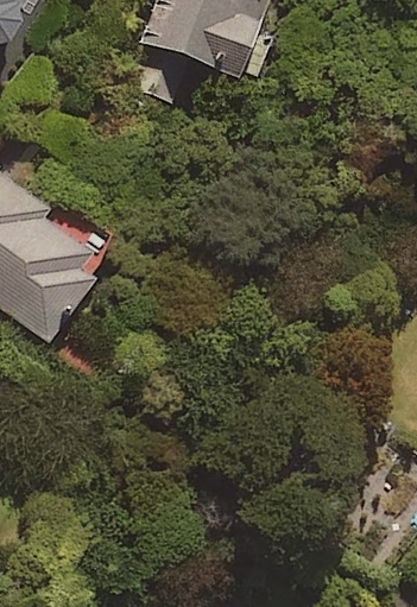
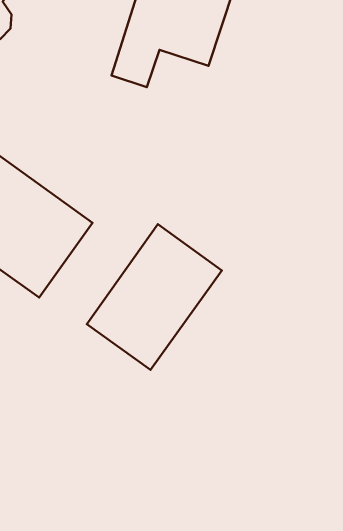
building: none -> [87,224,222,370]

